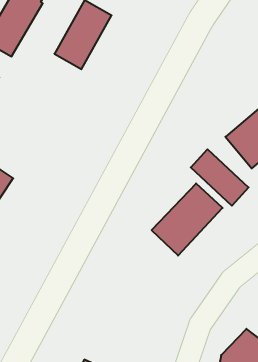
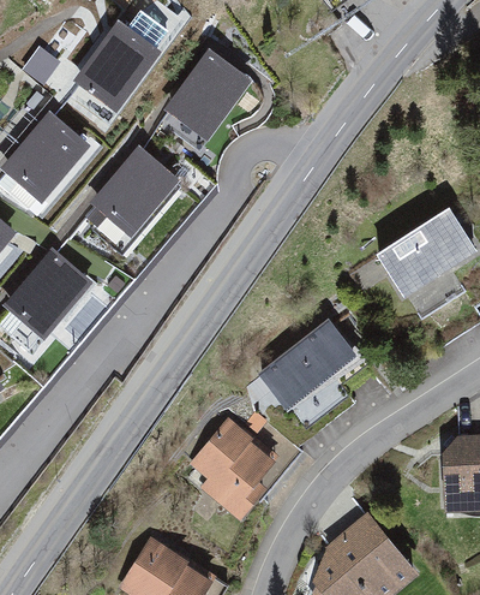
building: none -> [85,149,178,244]
building: [191,149,249,206] -> none
building: none -> [190,416,286,510]

